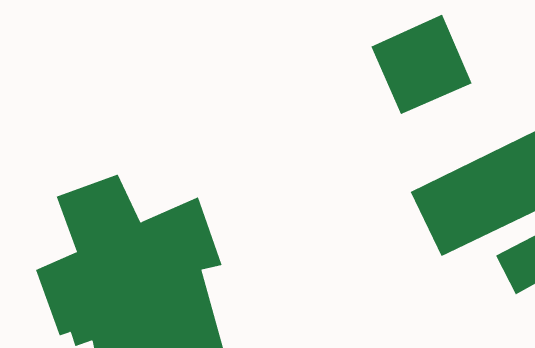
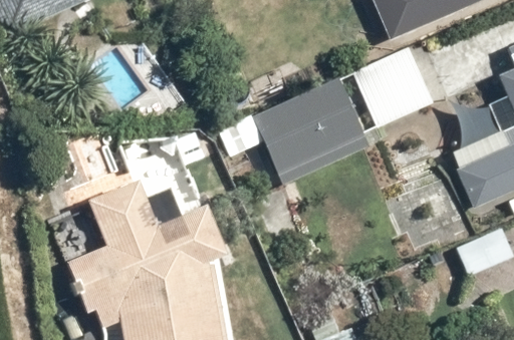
building: none -> [252,78,370,185]

